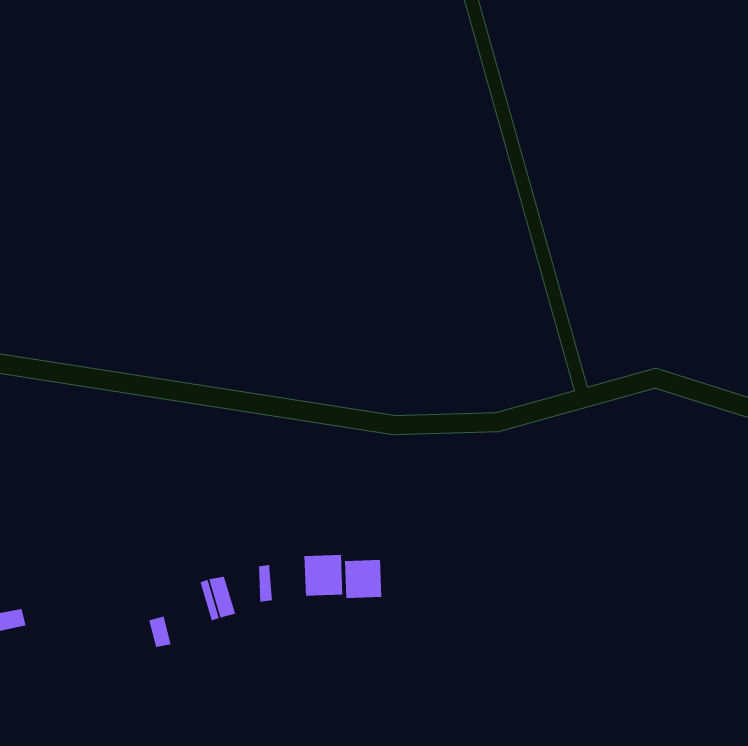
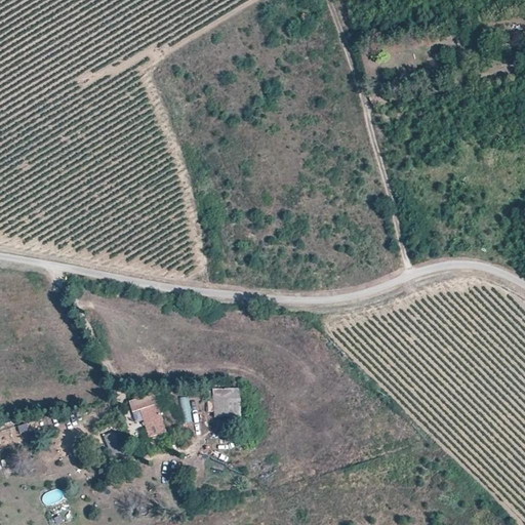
building: [344,559,382,599] -> none

